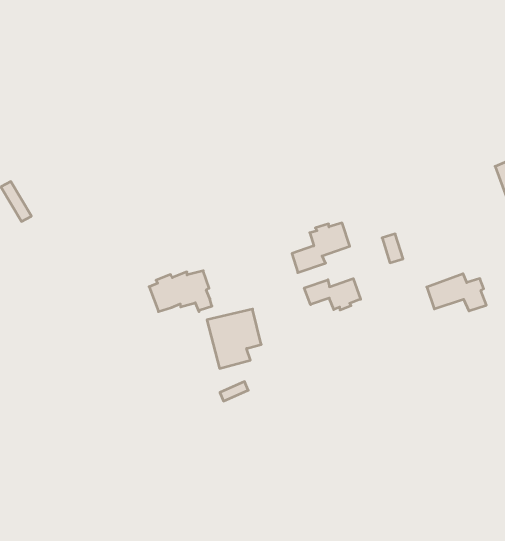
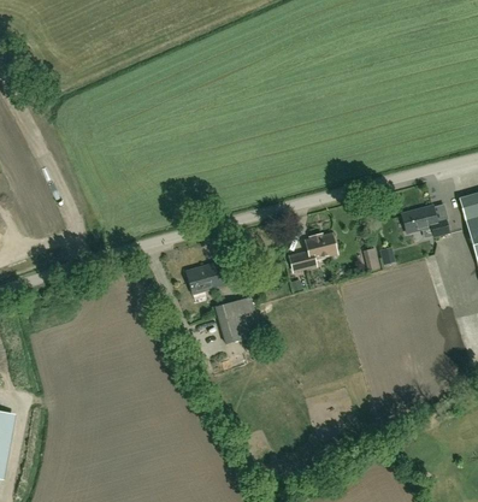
building: [427,274,486,311] -> [402,205,449,235]
building: [304,279,361,310] -> none

